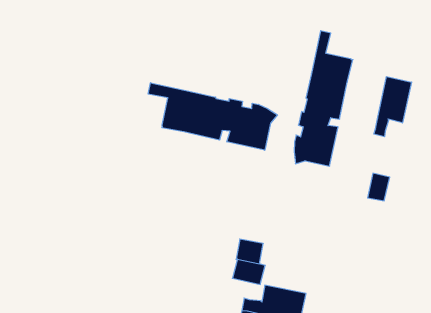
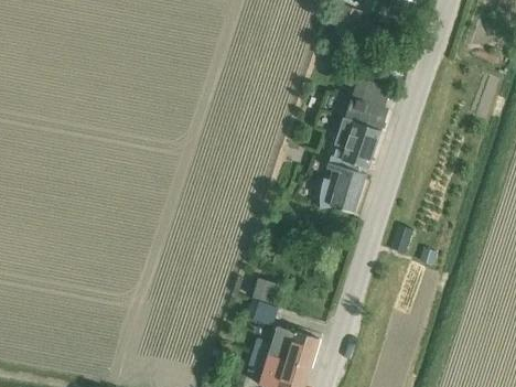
building: [374,77,412,137] -> none
building: [148,83,277,150] -> none

